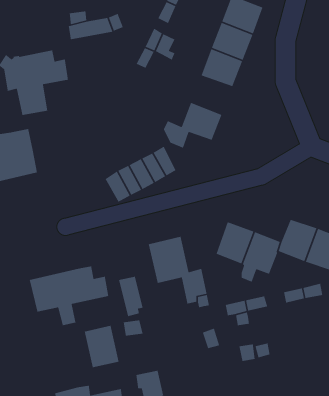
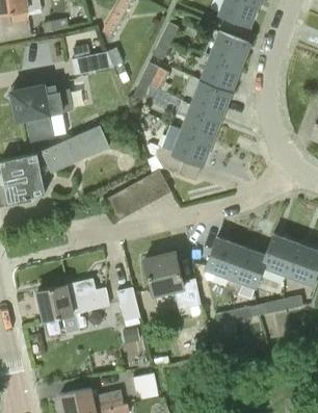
building: none -> [183,106,221,141]
building: none -> [42,125,109,174]
building: [84,325,119,368] -> none

